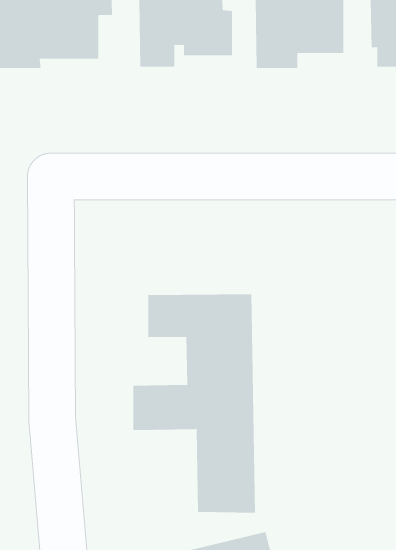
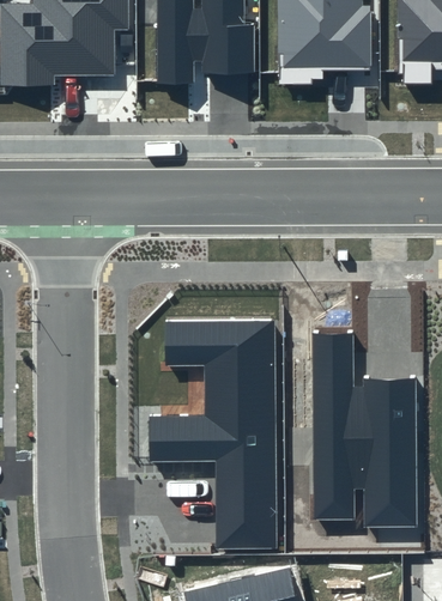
building: none -> [313,328,416,527]

